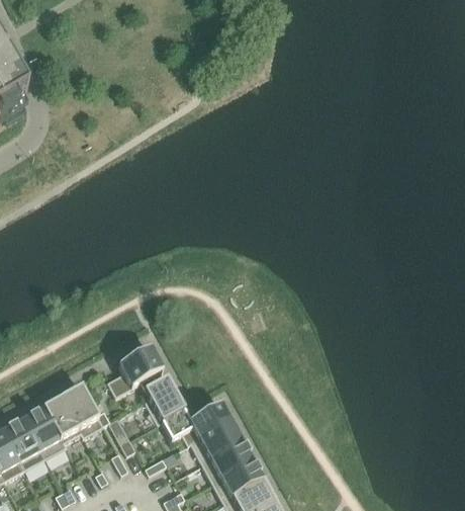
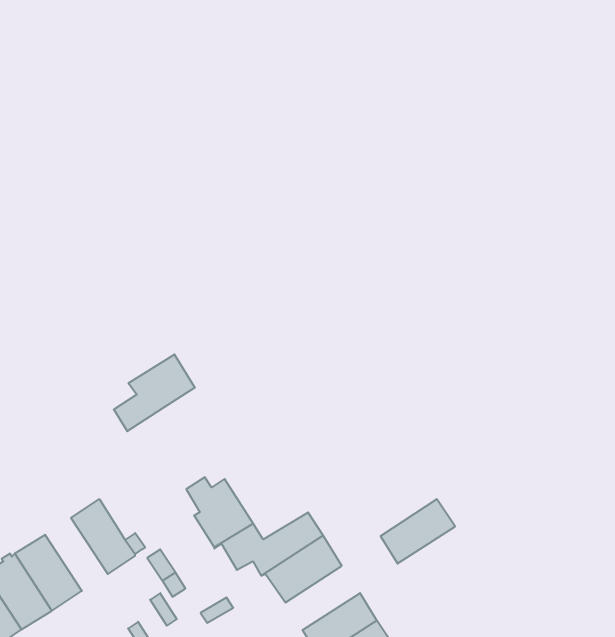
building: [108,345,164,395] -> [114,354,195,431]
building: [44,395,85,444] -> none
building: [203,439,254,481] -> [381,499,455,564]

